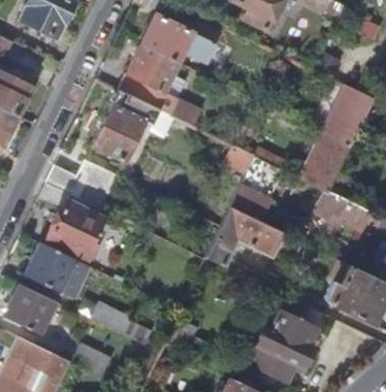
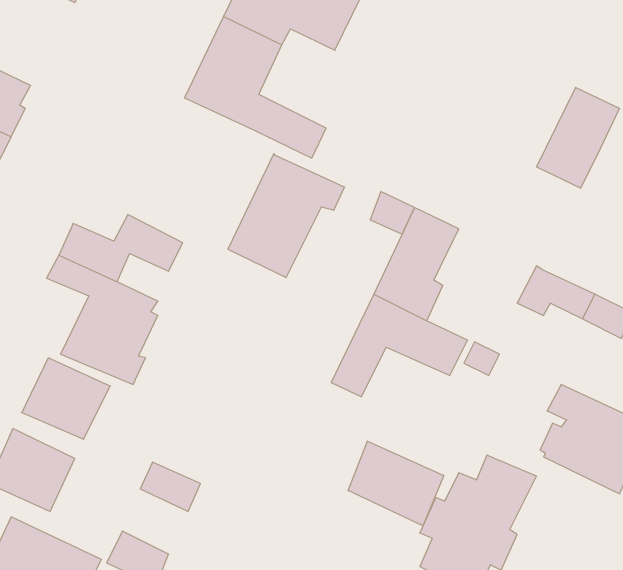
building: [92,92,160,164] -> [228,154,345,277]
building: [303,133,351,193] -> none
building: none -> [348,441,444,526]

